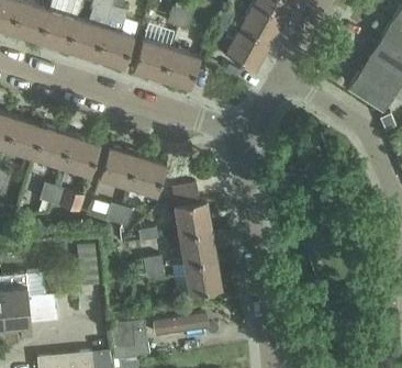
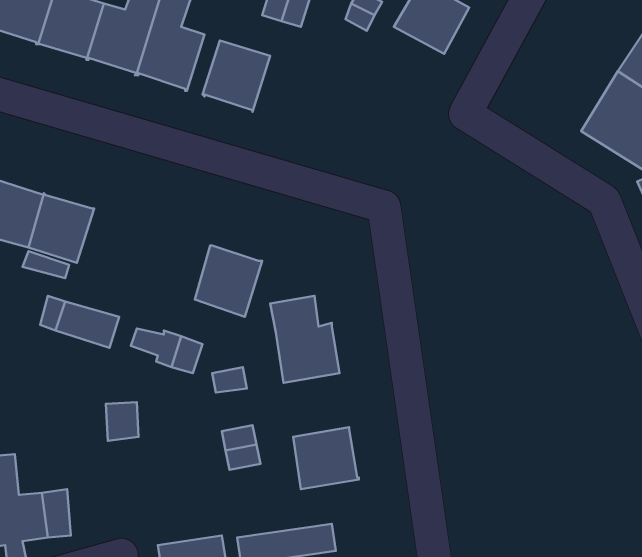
building: [226,32,270,74] -> none
building: [161,48,200,89] -> none
building: [62,135,100,175] -> none
building: [99,147,137,187] -> none
building: [179,228,216,265] -> none

